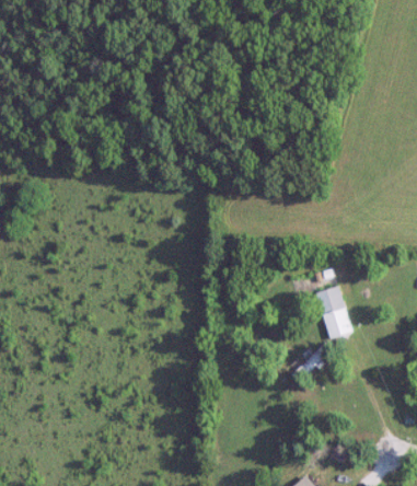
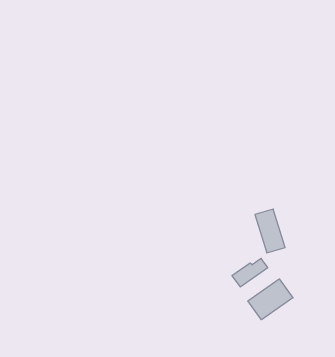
building: none -> [248,279,293,320]

